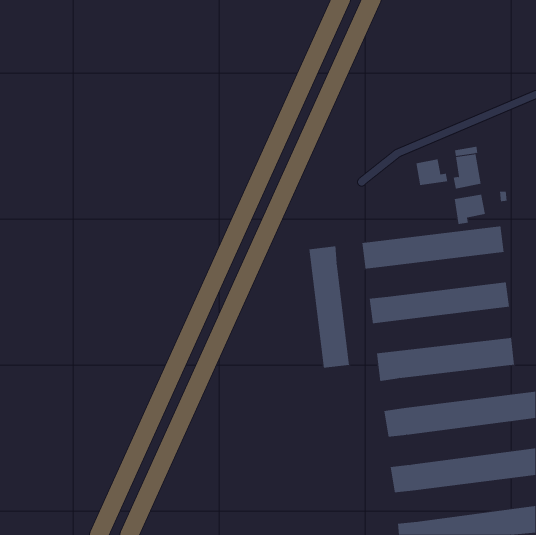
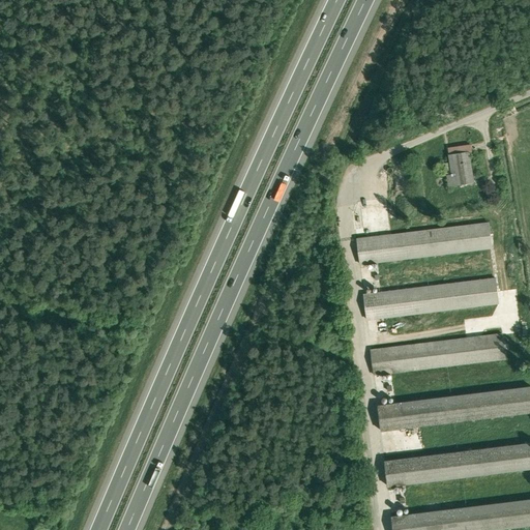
building: [416,159,448,186] -> none
building: [454,194,486,225] -> none
building: [309,246,349,369] -> none

